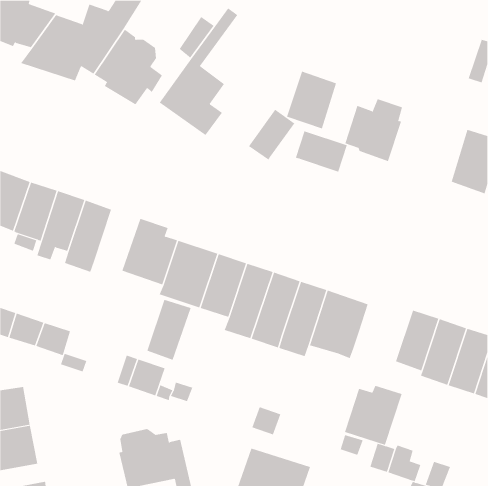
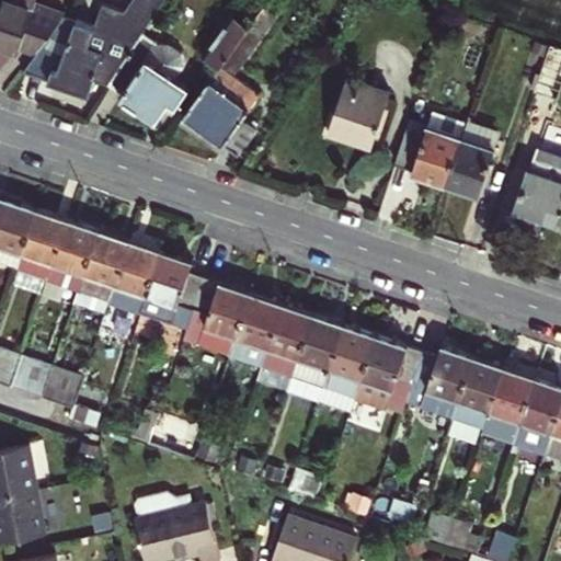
building: [248,109,295,161] -> none
building: none -> [445,142,492,198]
building: [295,130,347,173] -> none
building: [147,299,191,360] -> [108,243,160,313]
building: [344,385,403,446] -> [405,348,472,417]

